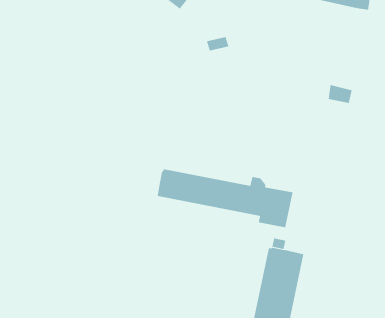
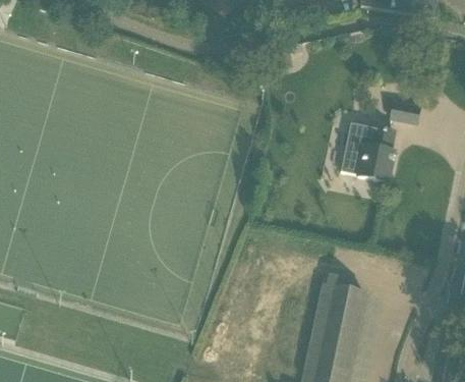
building: none -> [343,123,395,181]
building: [157,168,293,228] -> none

